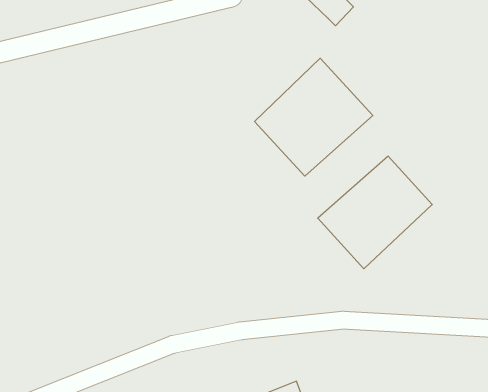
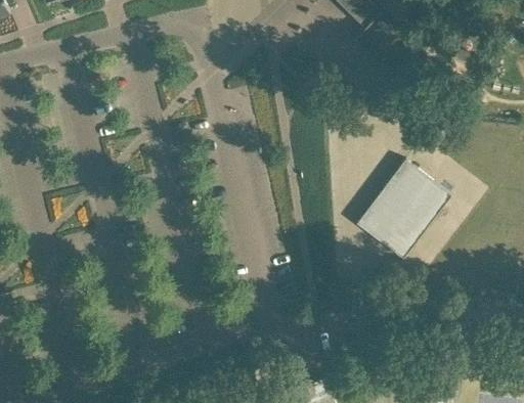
building: [255,58,373,176] -> none

